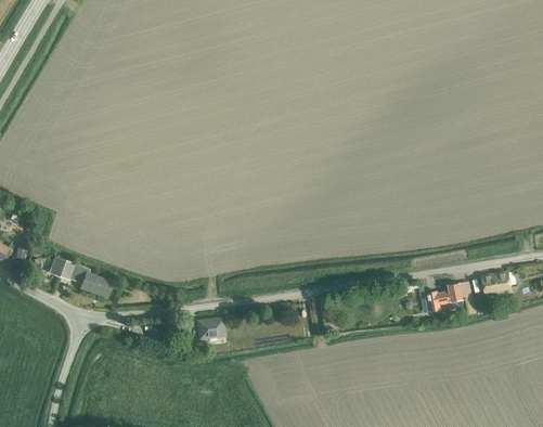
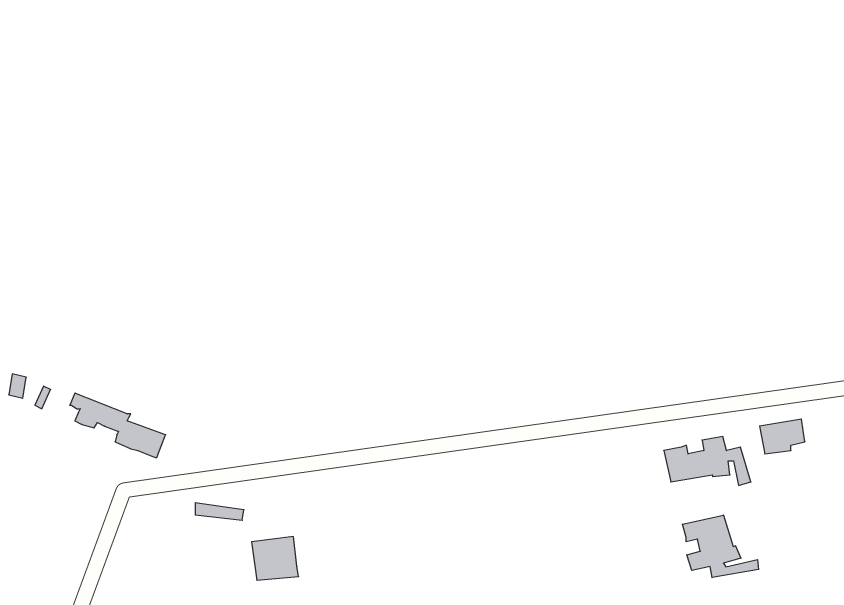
building: [196,316,225,344] -> [252,537,299,580]
building: none -> [683,515,759,578]

